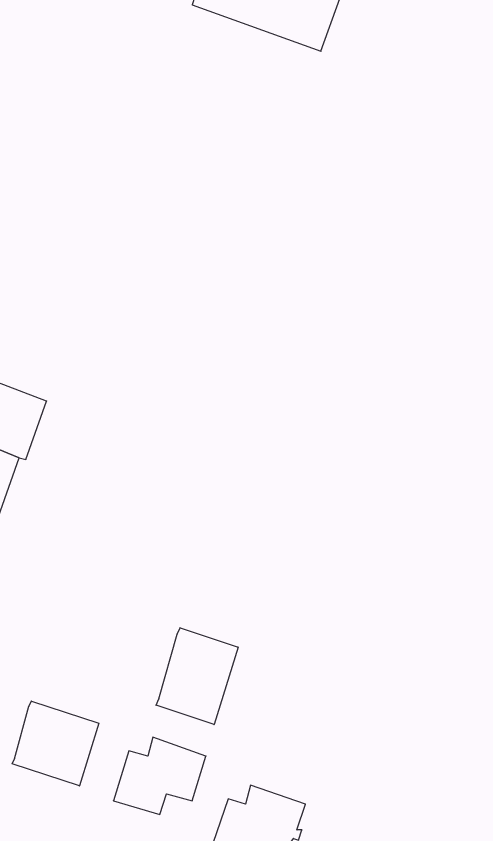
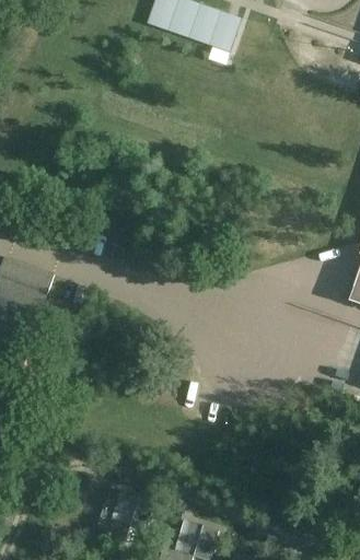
building: [156,628,238,725] -> none
building: [12,701,99,786] -> none

